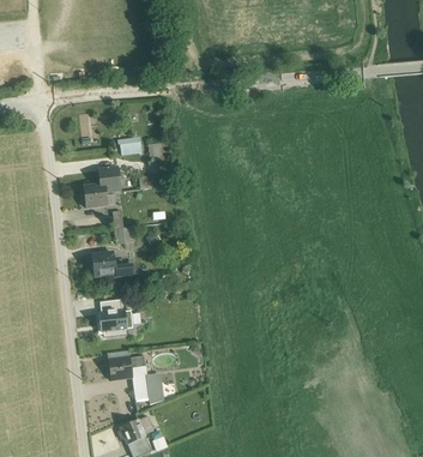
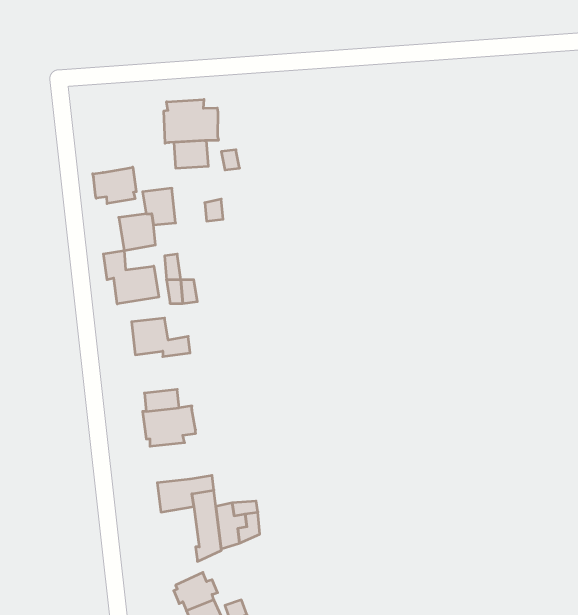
building: none -> [164,99,218,143]
building: none -> [93,167,136,204]
building: none -> [103,250,159,304]

